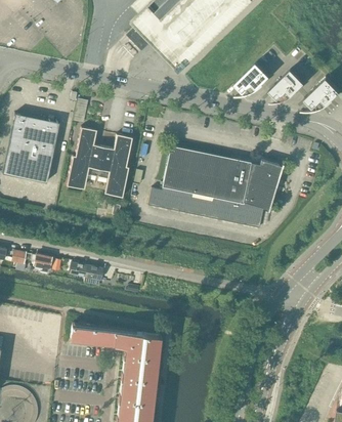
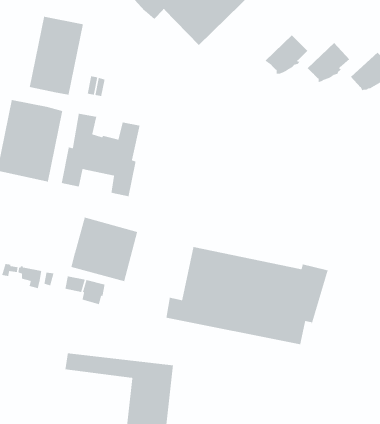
building: none -> [29,16,84,95]
building: [148,145,284,227] -> [165,246,329,345]
building: none -> [71,217,138,282]

